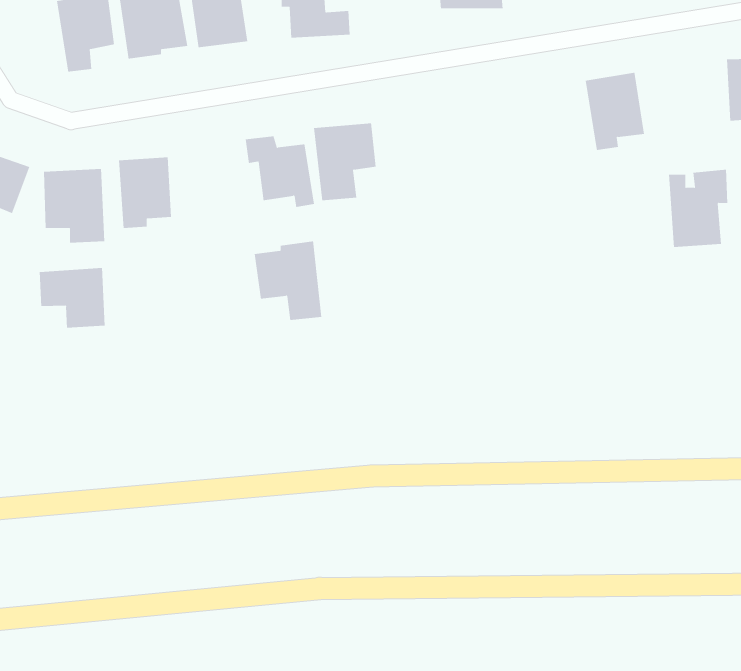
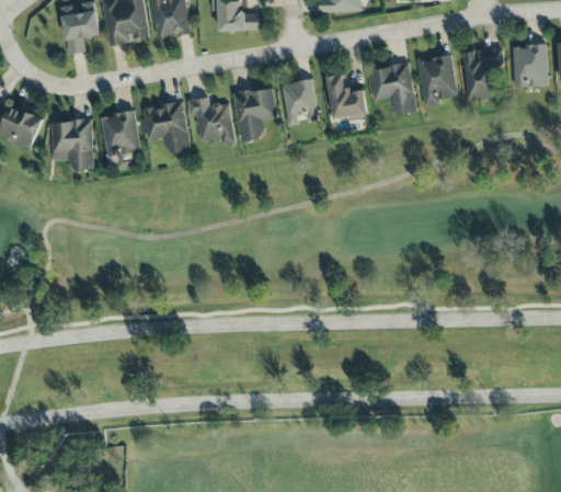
building: none -> [369,64,416,116]
building: none -> [327,75,367,121]
building: none -> [282,79,318,126]
building: [668,169,728,247] -> [462,48,503,101]
building: [254,241,322,320] -> [142,101,188,155]
building: [39,267,105,328] -> none

